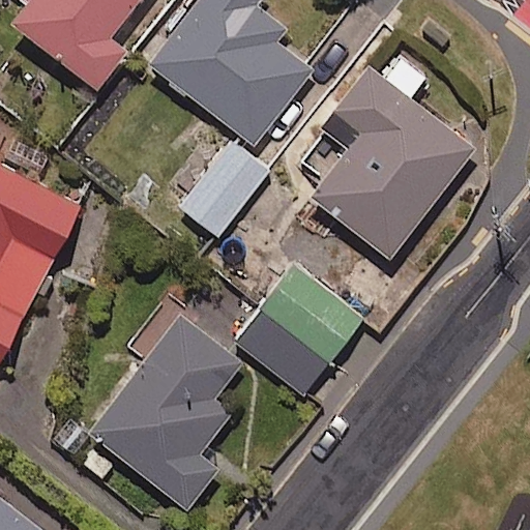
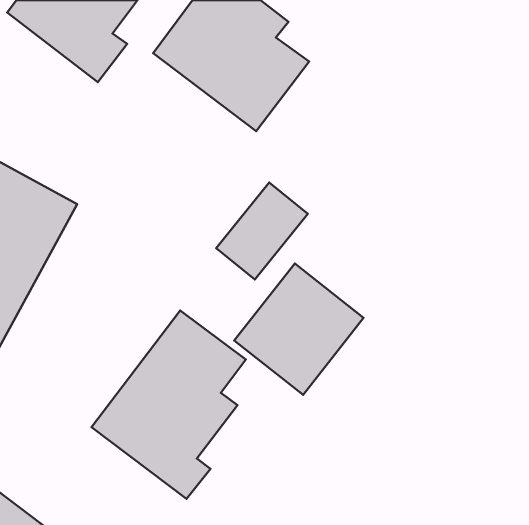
building: [312,64,473,253] -> none
building: [177,145,268,241] -> [216,183,308,279]

